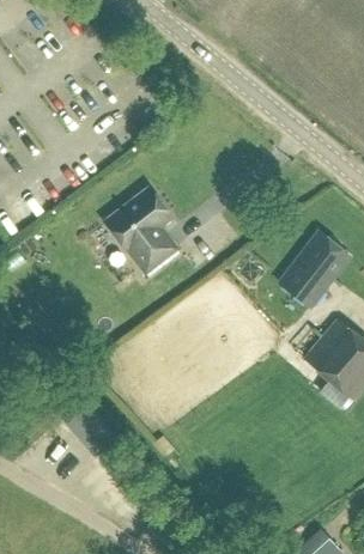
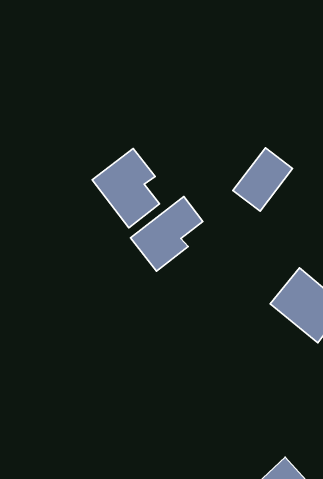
building: [284,233,350,303] -> [233,148,293,211]
building: none -> [130,196,203,271]

